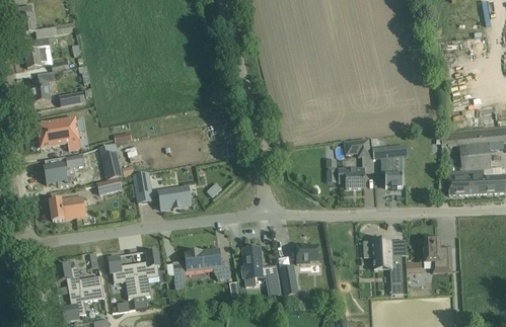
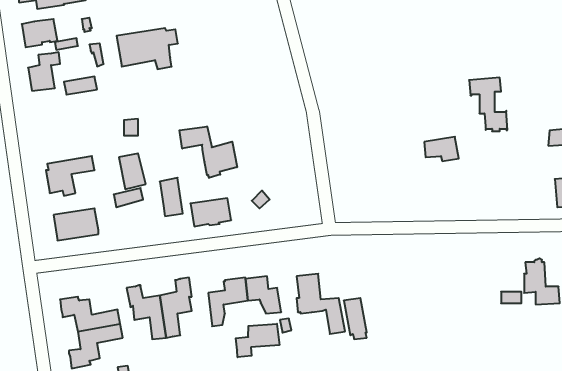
building: [37,117,85,150] -> [117,28,178,69]
building: none -> [179,126,237,178]
building: [372,146,403,188] -> [469,78,507,131]
building: [339,169,364,187] -> none
building: [359,241,403,283] -> none
building: [296,244,318,263] -> none
building: none -> [236,324,279,357]

